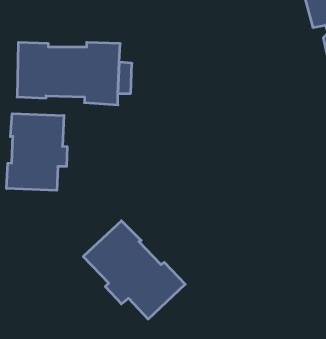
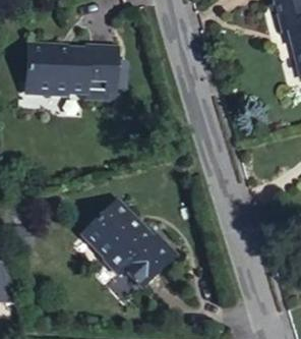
building: [7,114,67,190] -> none

